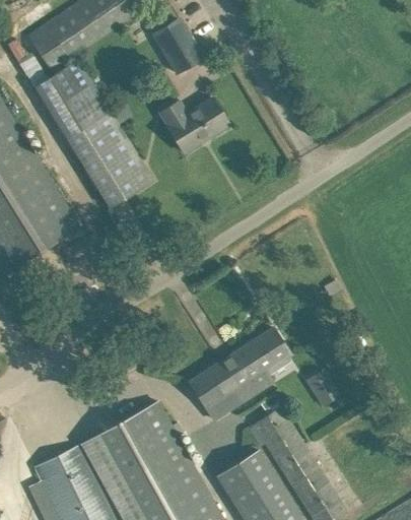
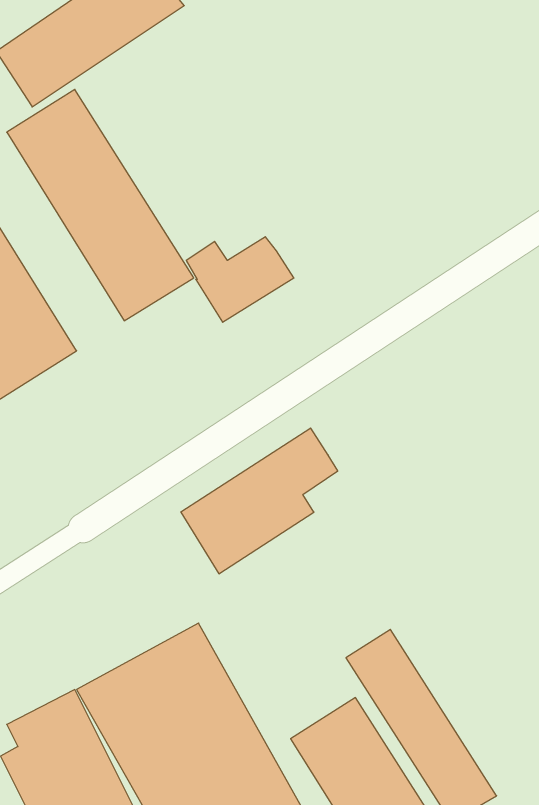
building: [151,18,203,74] -> none
building: [160,99,229,153] -> [186,237,294,322]
building: [189,329,289,422] -> [181,428,338,574]
building: [307,369,343,406] -> none

